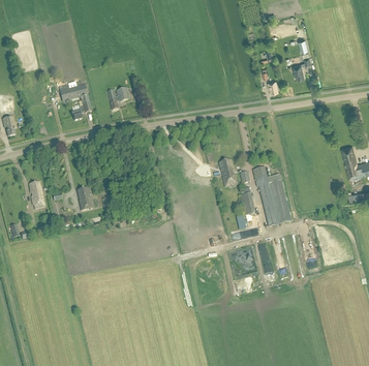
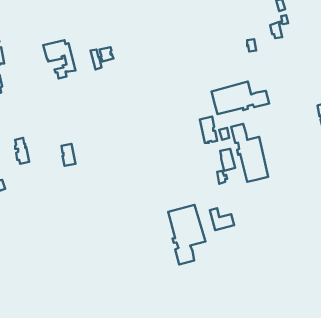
building: none -> [212,81,269,114]
building: none -> [168,205,205,265]

